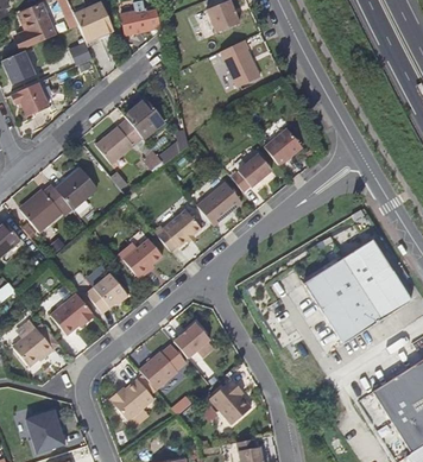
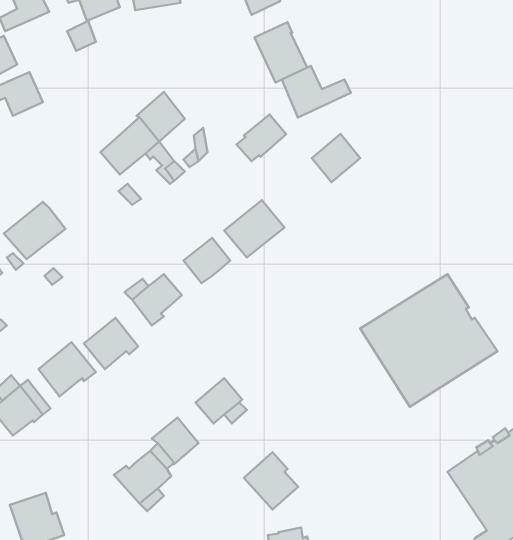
building: none -> [282,66,351,117]
building: [229,156,269,192] -> [236,114,286,161]
building: [56,167,97,208] -> none

